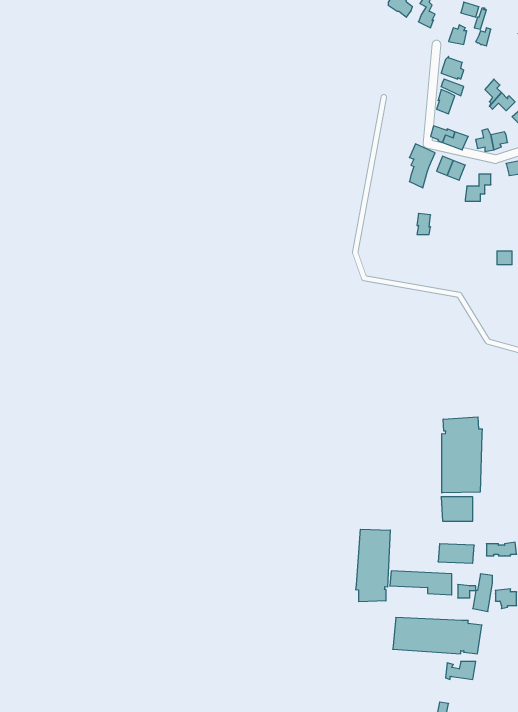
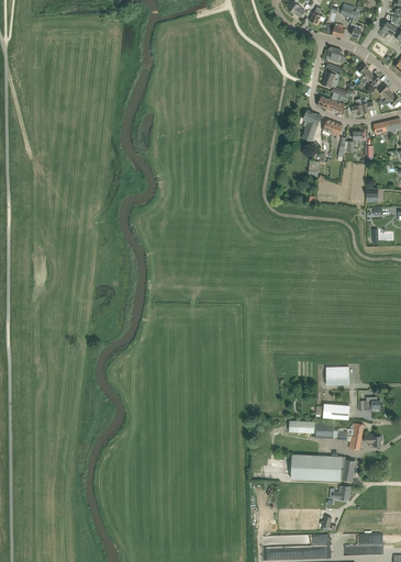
building: [442,417,482,493] -> none
building: [356,529,390,602] -> none

